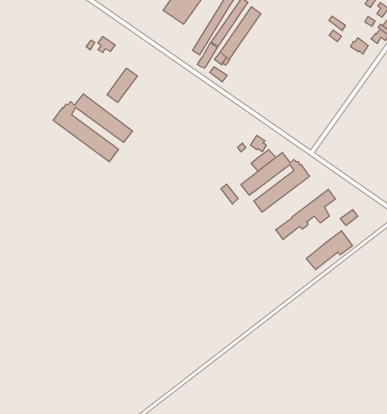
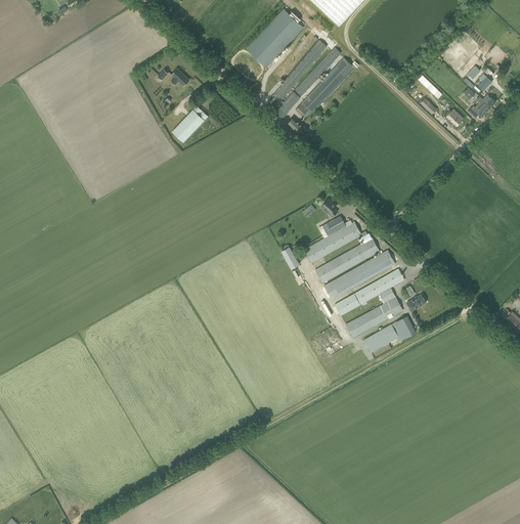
building: [53,94,132,162] -> none
building: none -> [324,250,395,298]
building: none -> [345,297,403,338]

